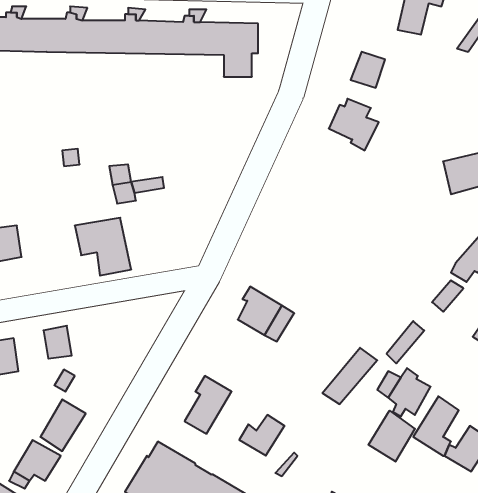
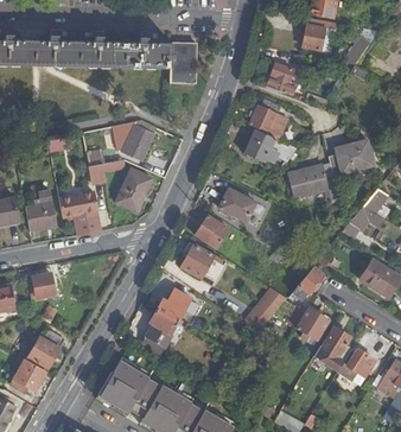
building: none -> [122,120,157,159]
building: none -> [246,128,298,161]
building: none -> [287,161,339,199]
building: none -> [115,170,151,211]
building: none -> [218,189,255,222]
building: none -> [24,202,55,230]
building: none -> [196,214,229,249]
building: [368,411,415,462] -> none
building: [239,415,285,456] -> [157,291,191,322]

